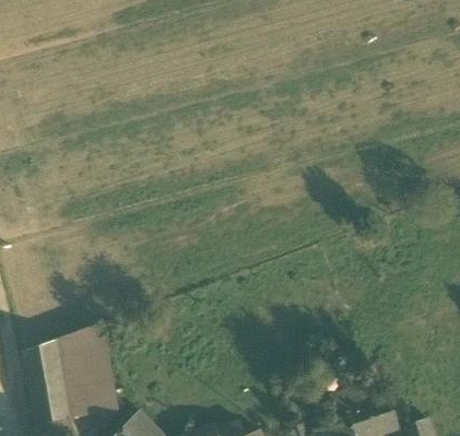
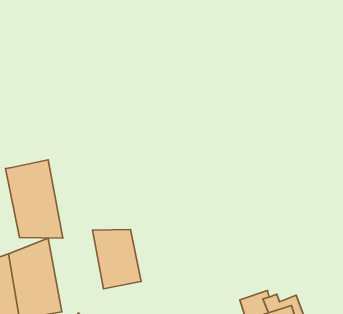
building: none -> [5,160,63,238]
building: none -> [93,230,141,289]

